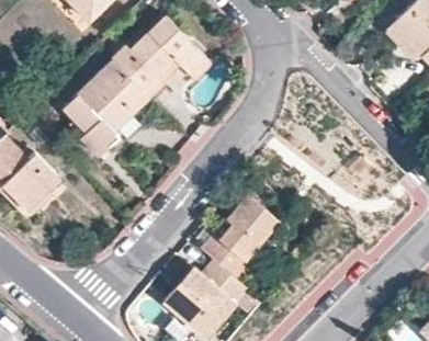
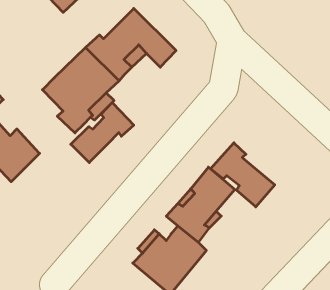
building: none -> [71,103,134,163]
building: none -> [211,143,275,207]

